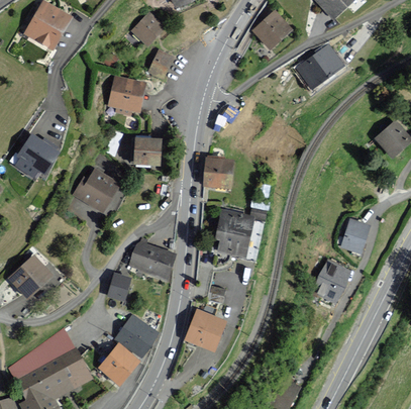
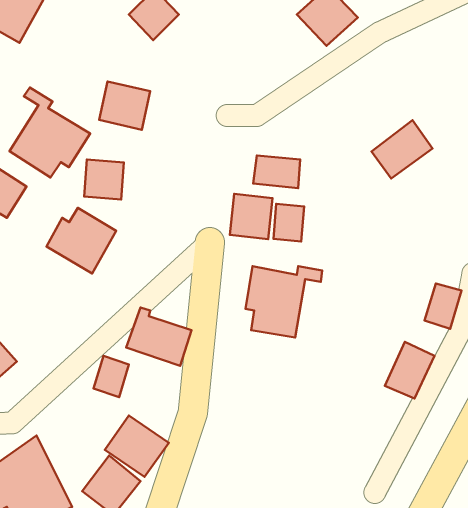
building: [298,45,341,87] -> [371,120,432,178]
building: [146,48,174,79] -> none
building: none -> [10,87,90,177]
building: none -> [253,155,300,188]
building: [133,136,162,165] -> [84,160,124,199]
building: none -> [273,204,304,242]
building: [184,308,226,350] -> none

